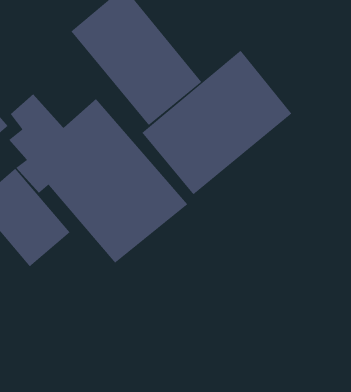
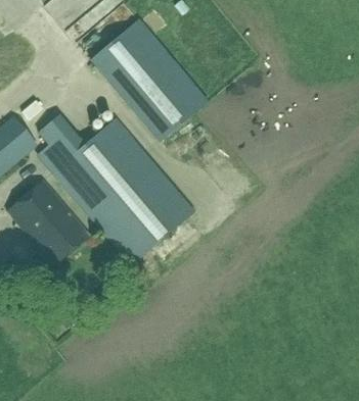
building: [141,50,292,195] -> none

